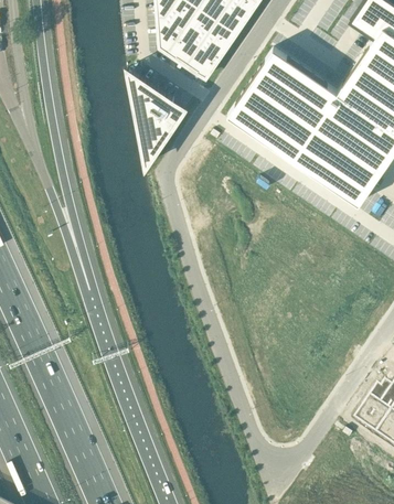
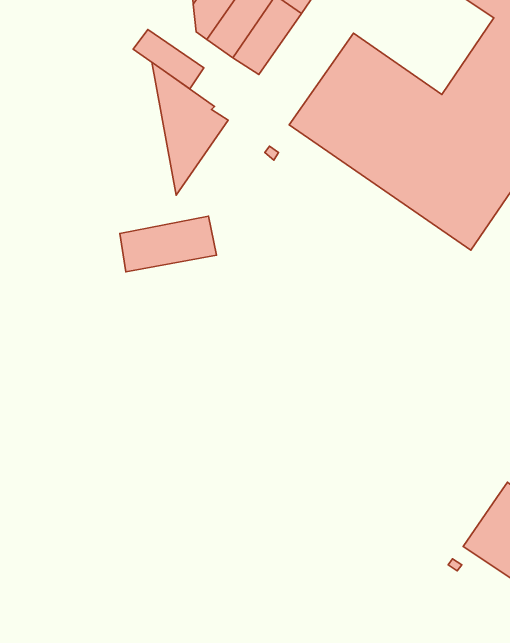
building: none -> [133,29,204,89]
building: none -> [120,216,216,272]

